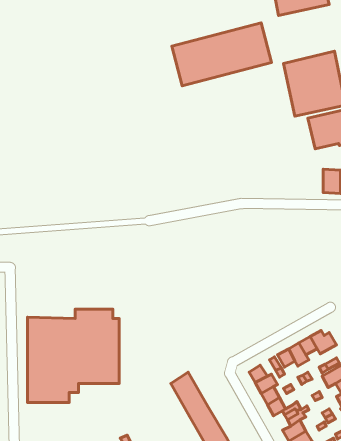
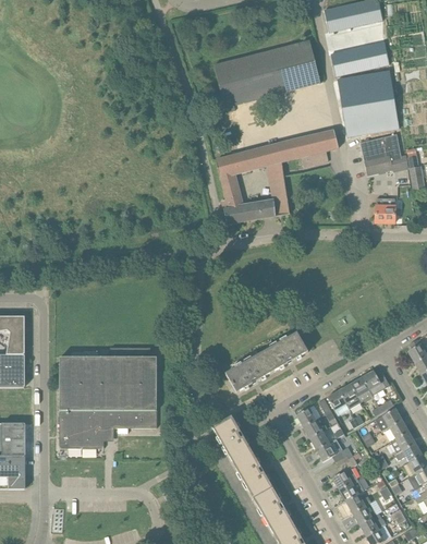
building: none -> [328,40,388,74]
building: none -> [215,129,337,222]
building: none -> [224,331,307,391]

